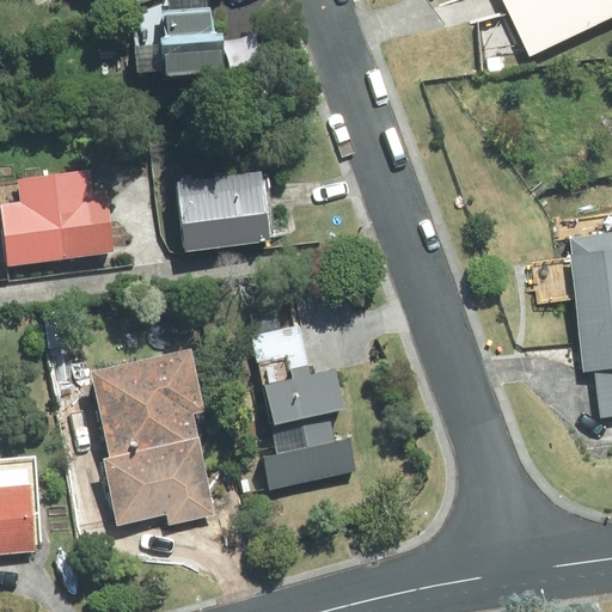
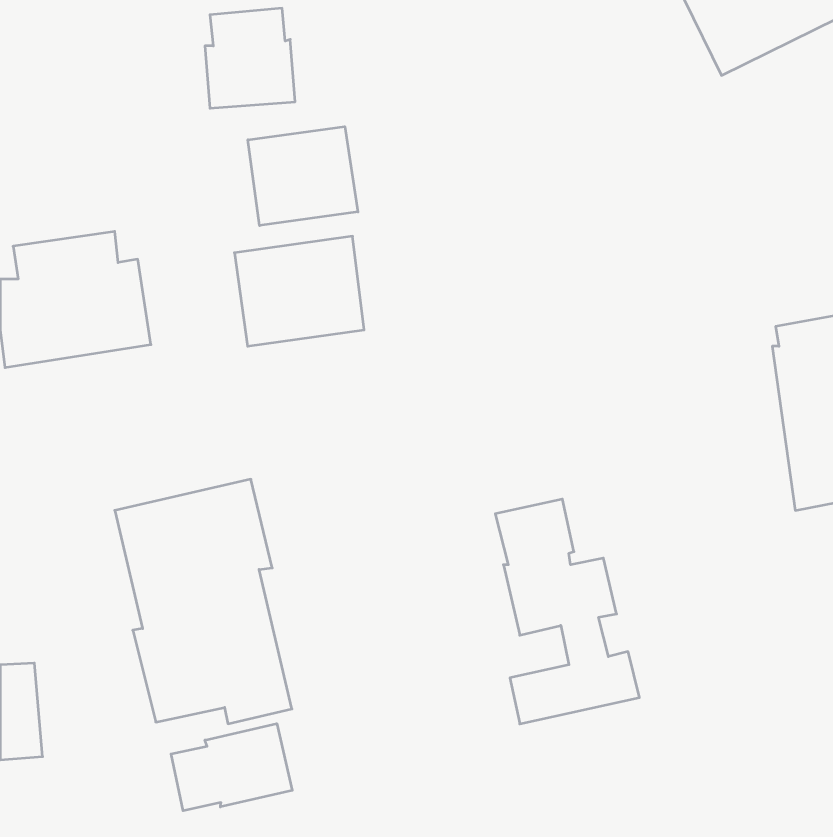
building: none -> [248,127,358,226]
building: [252,325,357,489] -> [495,499,639,724]
building: none -> [171,724,292,811]

